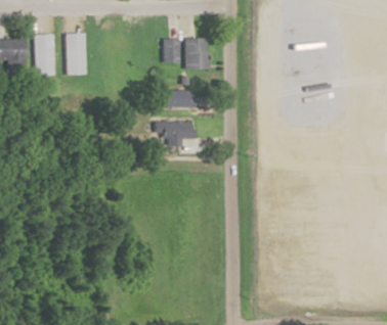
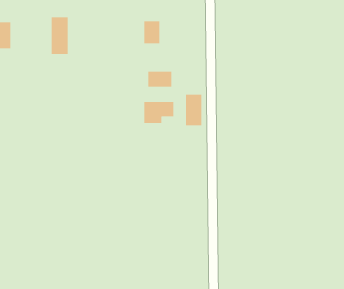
building: [35,34,54,75] -> none
building: [185,38,208,68] -> none
building: none -> [185,94,202,126]

